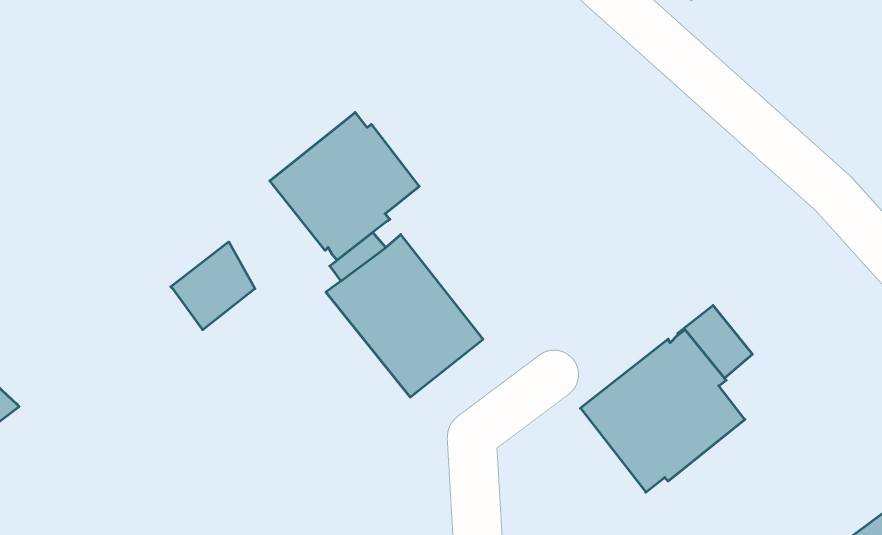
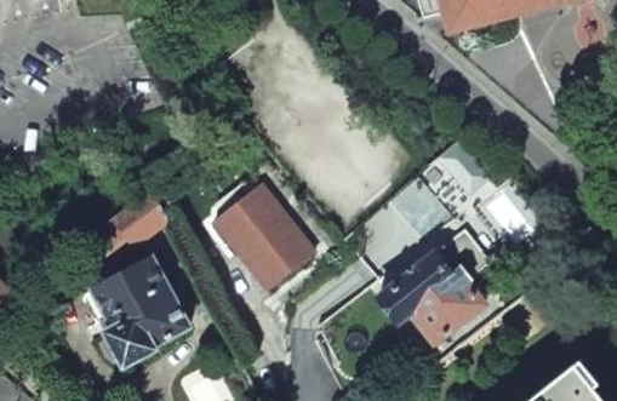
building: [270,112,419,260] -> none
building: none -> [92,258,190,366]

